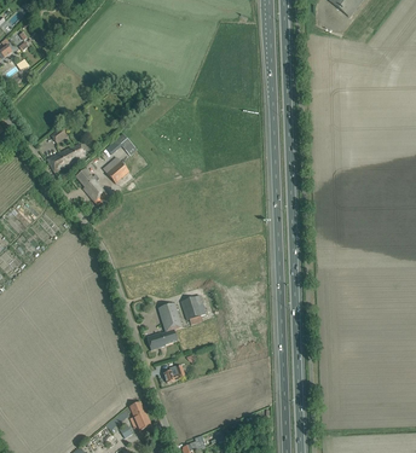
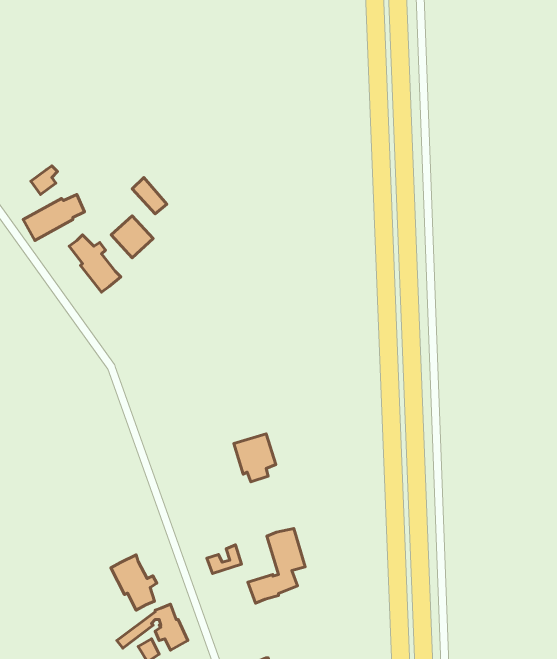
building: [146,303,183,350] -> [248,528,305,603]
building: none -> [111,555,157,610]

